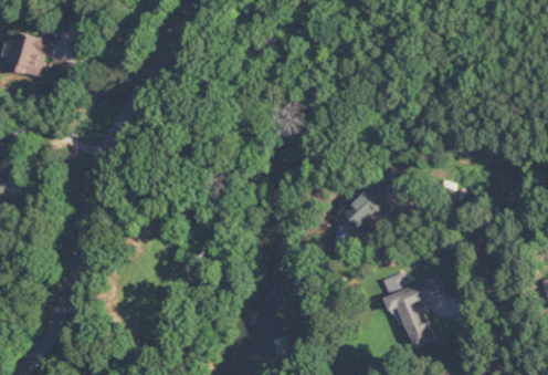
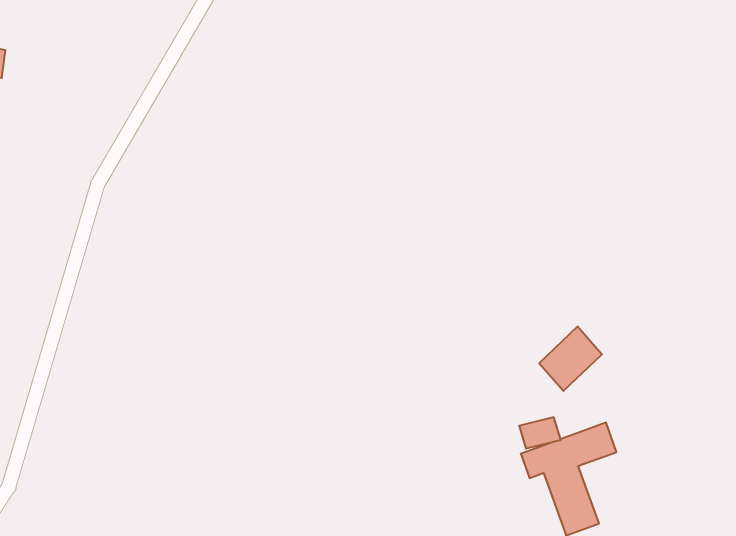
building: [340,188,380,229] -> [539,327,602,391]

